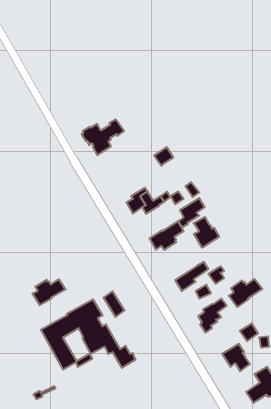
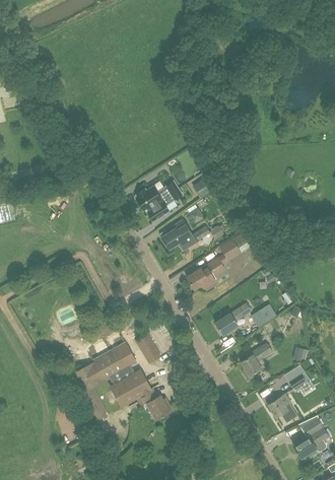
building: [82,119,124,155] -> [136,181,183,220]
building: [193,217,219,248] -> none
building: [229,279,262,307] -> none
building: [32,279,66,305] -> none

